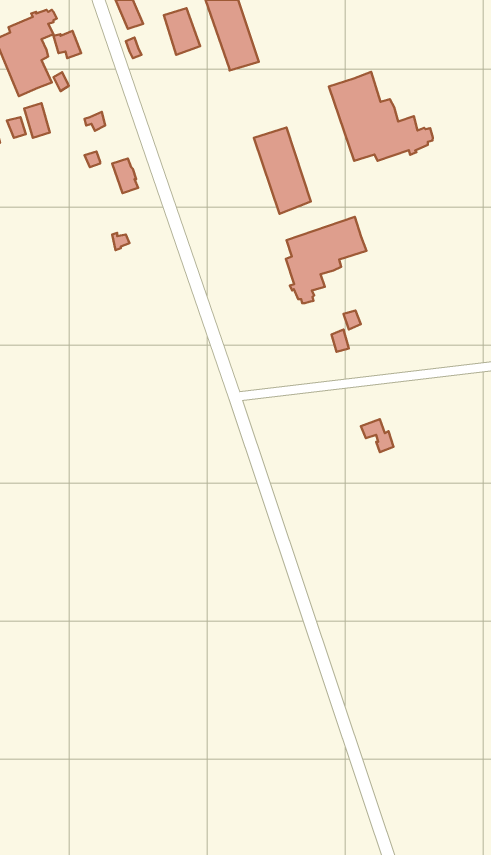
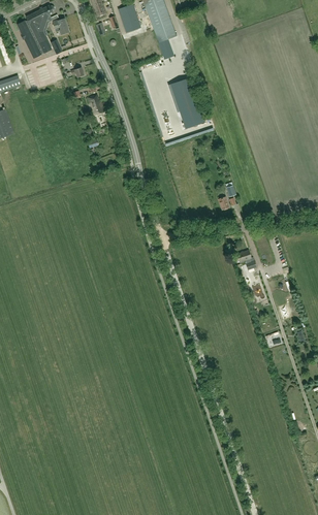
building: [329,72,433,161] -> none
building: [286,217,367,303] -> none

